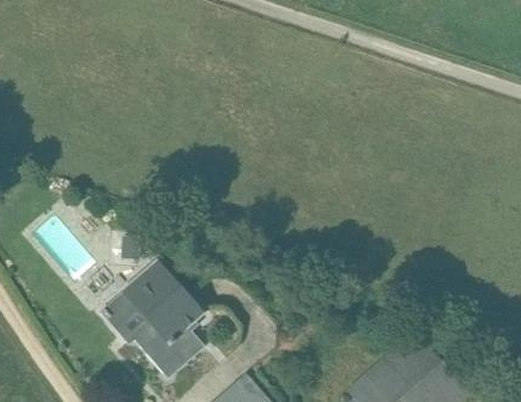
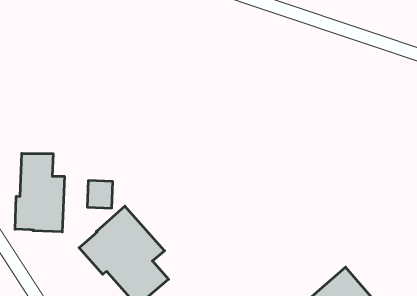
building: none -> [15,153,64,232]

